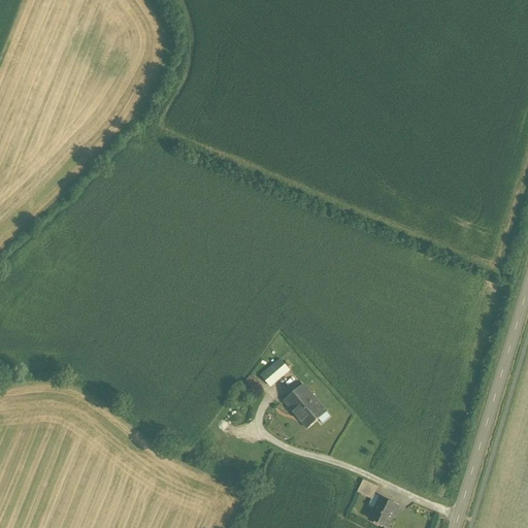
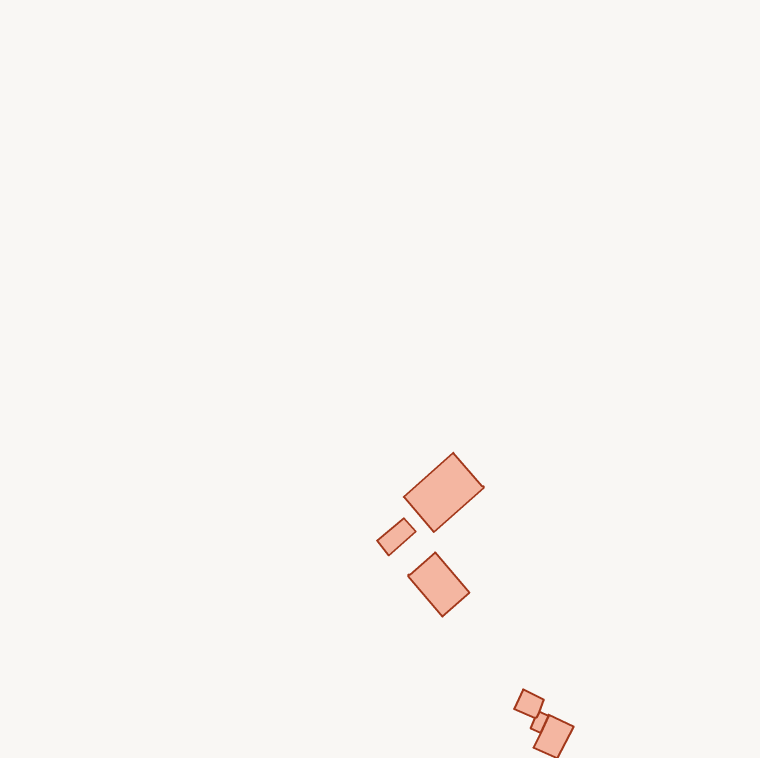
building: none -> [404,453,484,532]

